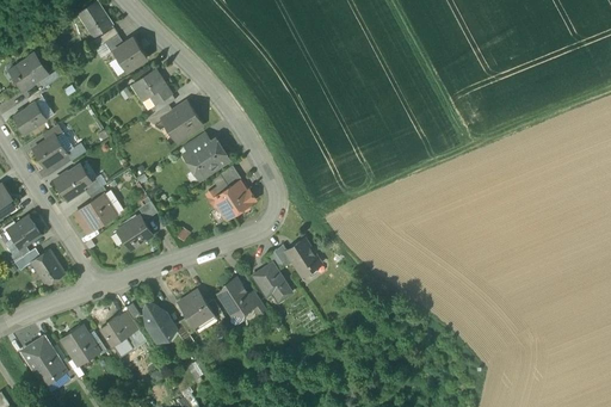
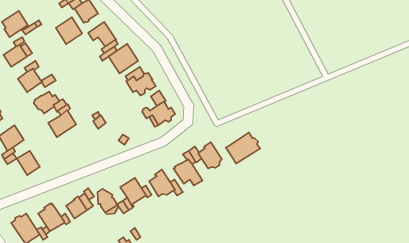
building: none -> [56,17,82,44]
building: [116,216,152,251] -> none
building: none -> [226,132,260,163]

